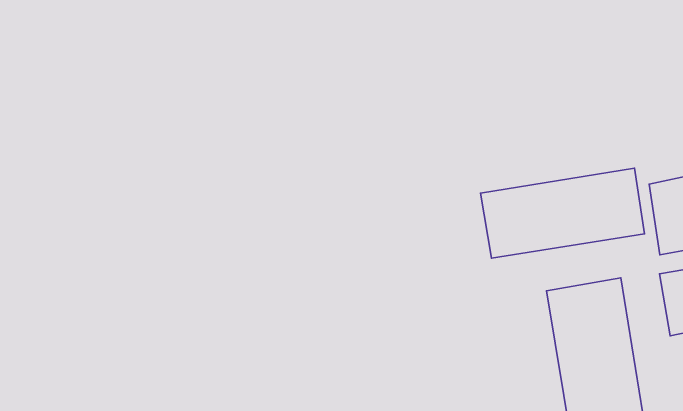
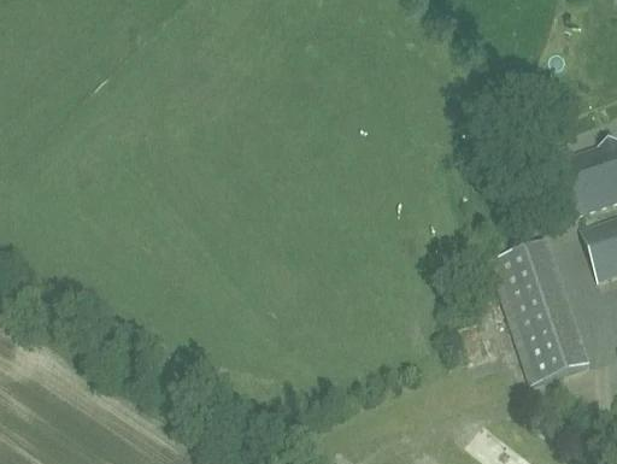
building: [481,168,644,258] -> none

